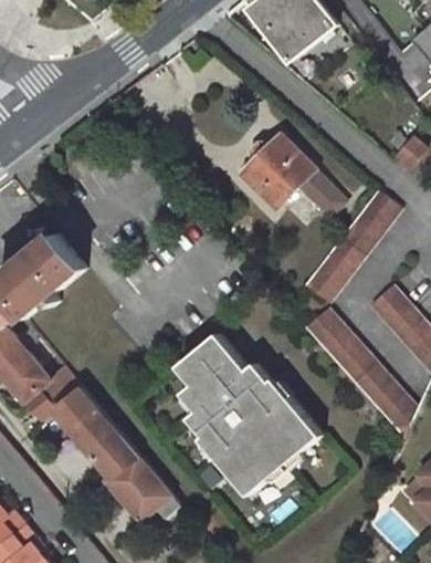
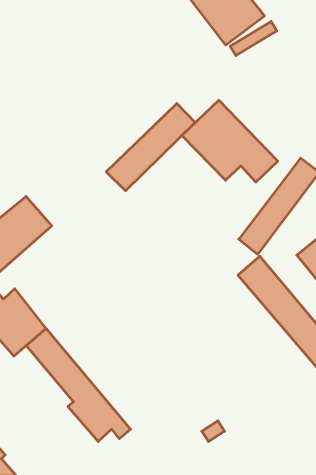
building: none -> [106,103,195,191]
building: [176,336,319,497] -> none

